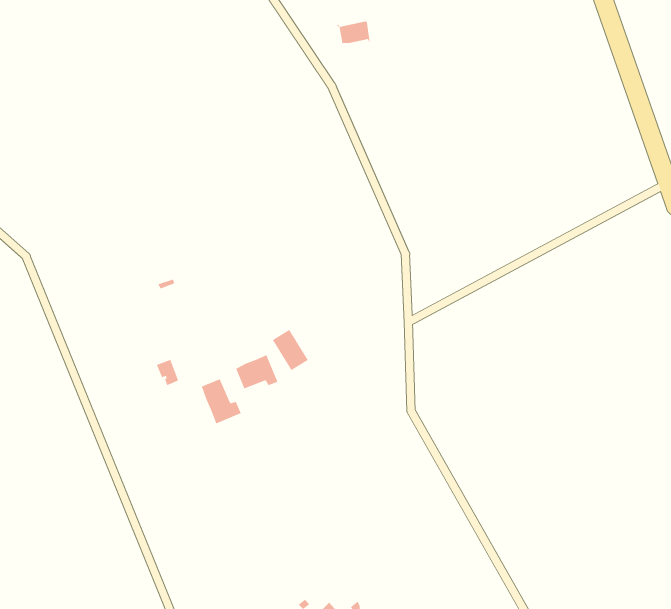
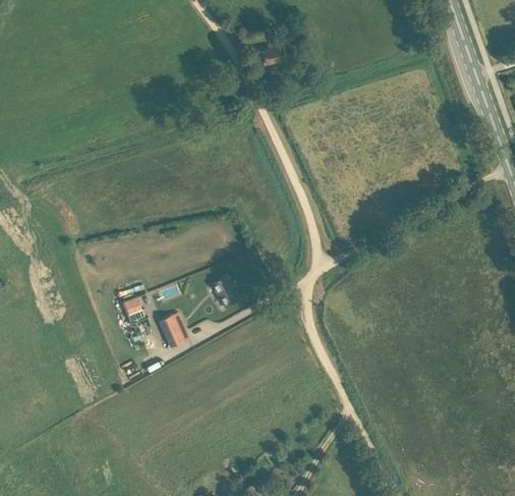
building: [235,354,279,389] -> none

